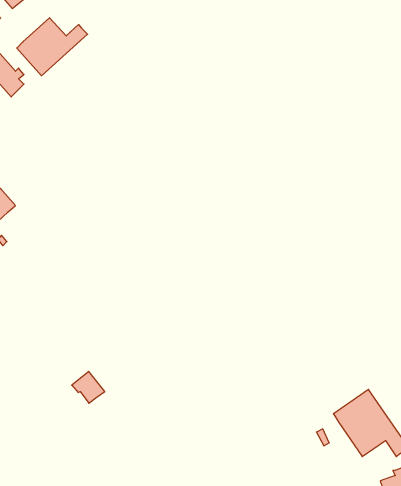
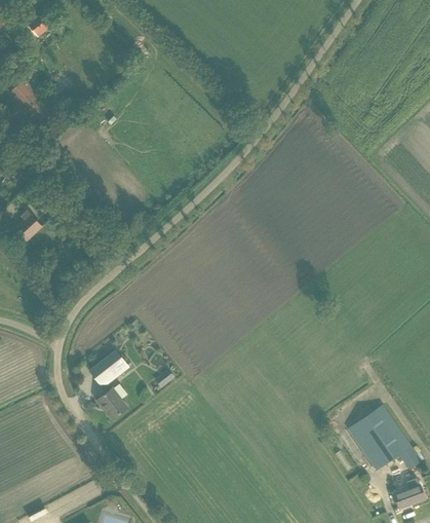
building: [17,18,88,76] -> none
building: none -> [88,349,127,386]

